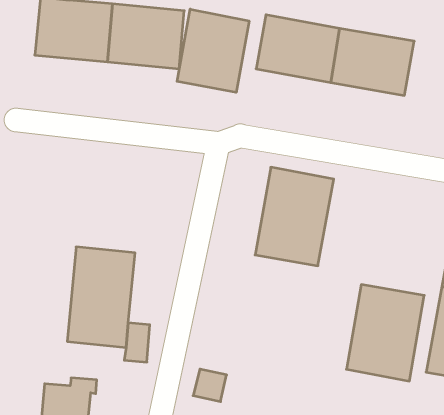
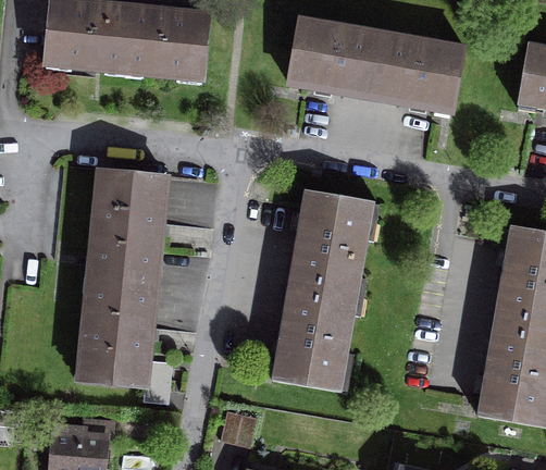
building: [177,9,249,92] -> none
building: none -> [90,171,166,283]
building: [346,285,424,381] -> [272,285,358,392]

